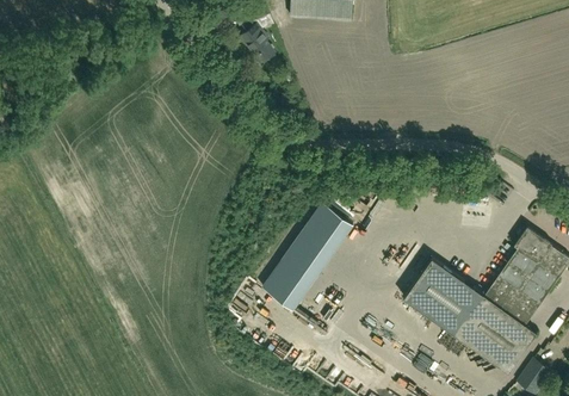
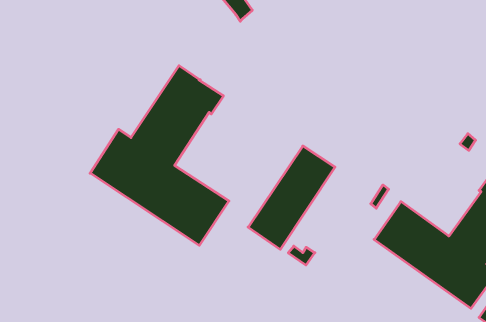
building: none -> [90,66,229,245]

